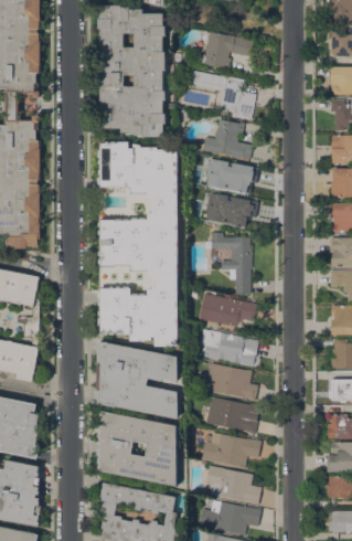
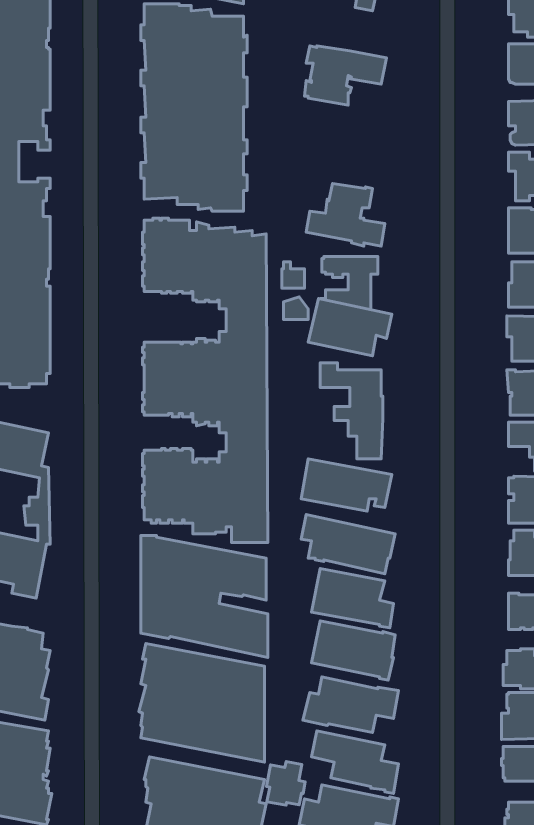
building: [188,71,256,119] -> none
building: none -> [267,762,305,805]

